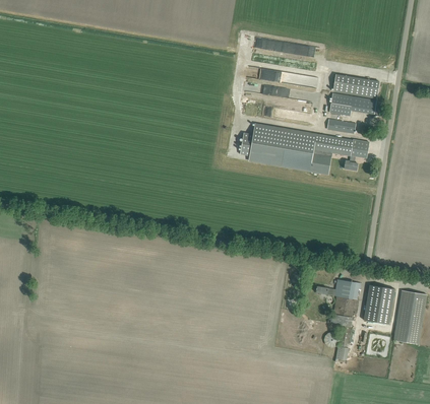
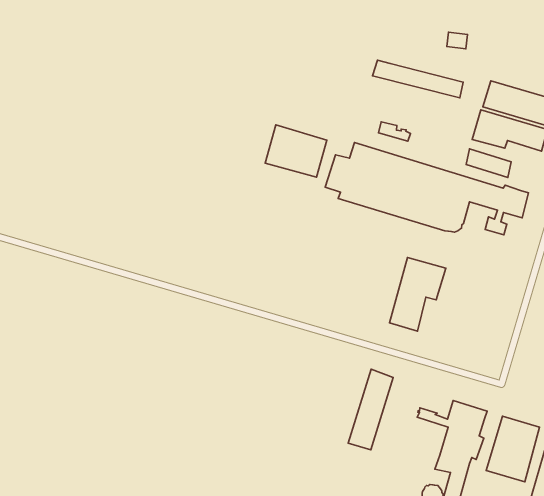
building: none -> [265,125,327,177]
building: none -> [390,257,446,331]
building: none -> [348,369,393,450]

